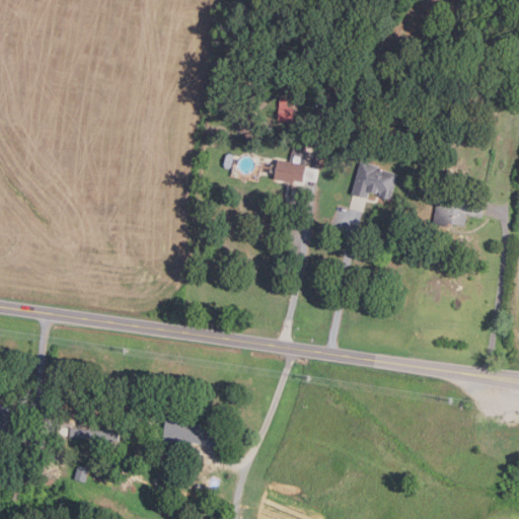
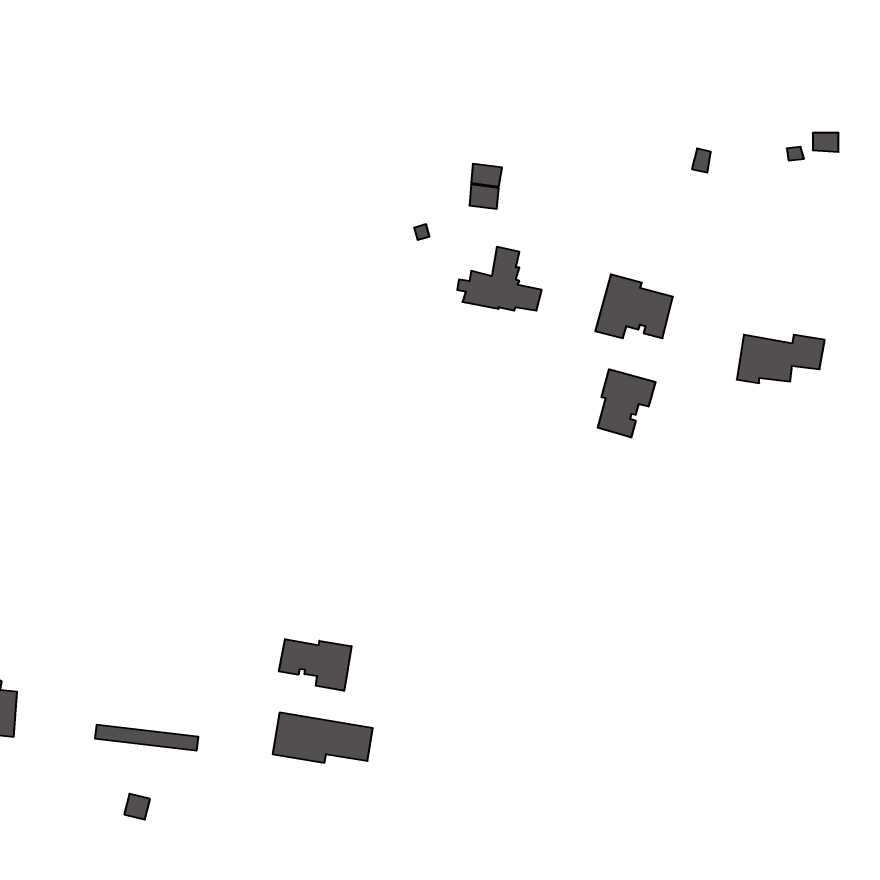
building: none -> [598,369,656,438]
building: none -> [279,639,352,691]

